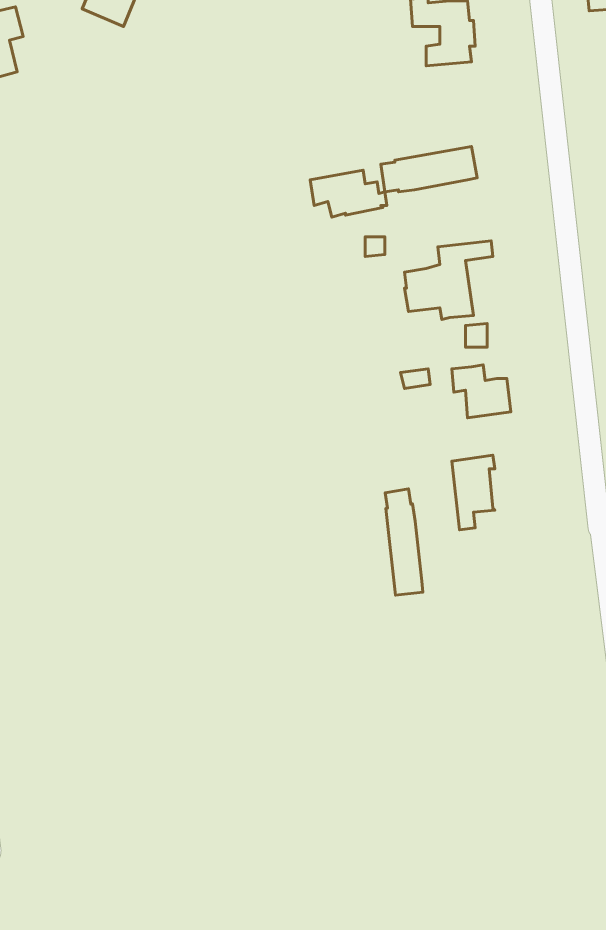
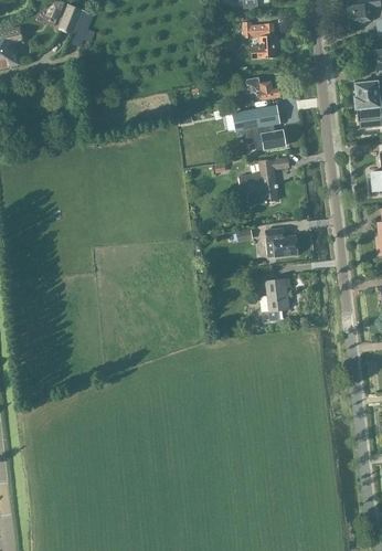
building: none -> [246,76,279,100]
building: [310,170,387,217] -> [244,124,287,150]
building: [385,489,423,595] -> none

